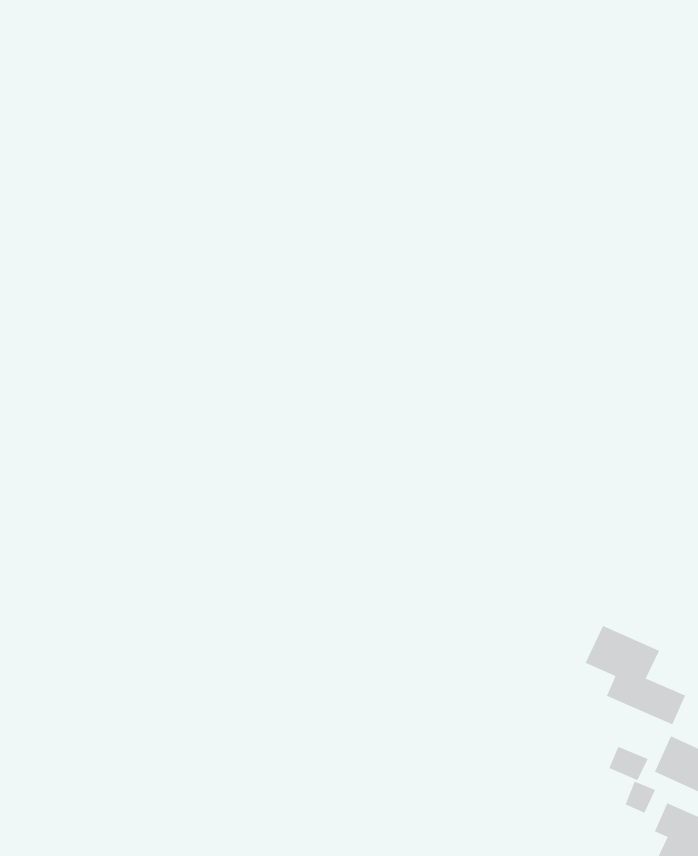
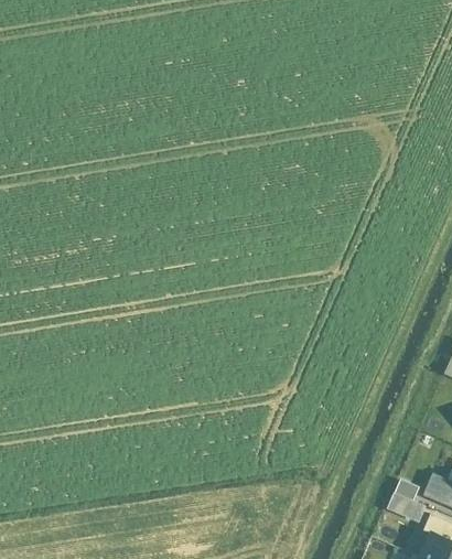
building: [585,625,686,725] -> none

